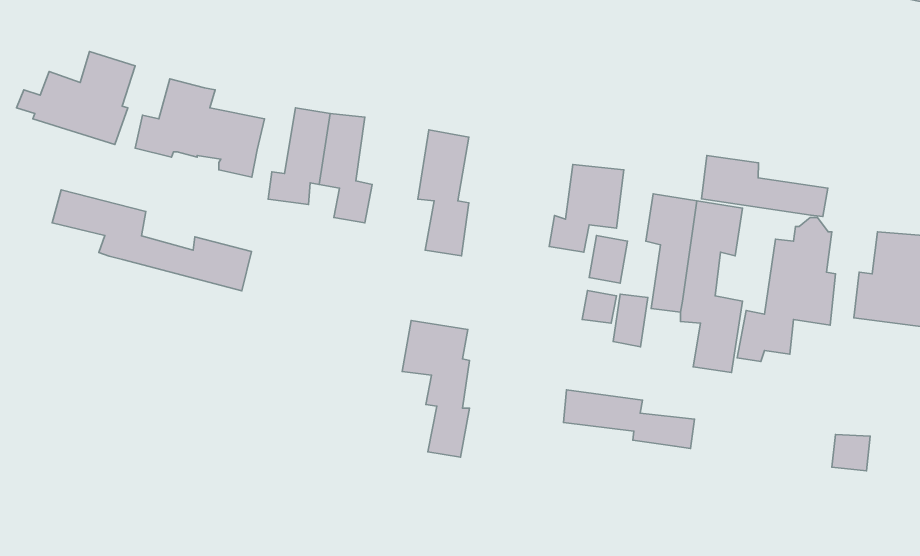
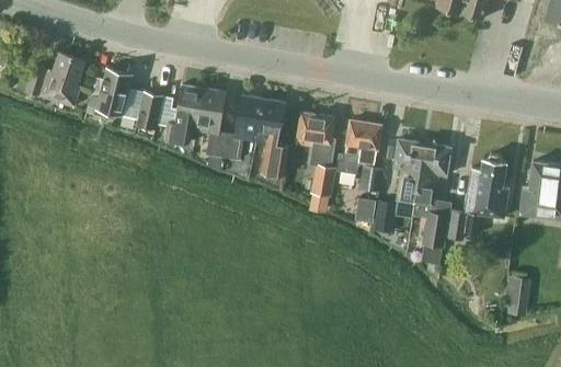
building: none -> [225,96,263,158]
building: [701,156,828,217] -> none
building: [52,190,251,291] -> none
building: [402,320,470,457] -> [295,113,335,195]
building: [564,390,694,449] -> none

